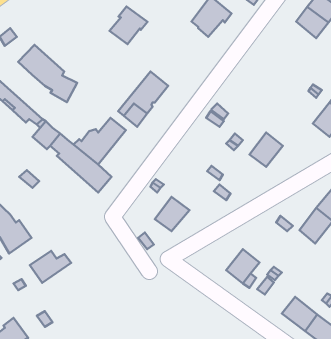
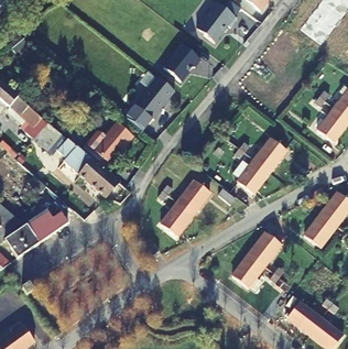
building: [110,6,147,44] -> [162,44,199,81]
building: [18,45,77,102] -> none
building: none -> [238,160,271,194]
building: none -> [177,179,211,215]
building: none -> [248,231,282,266]
building: [30,251,71,283] -> [26,210,67,242]

